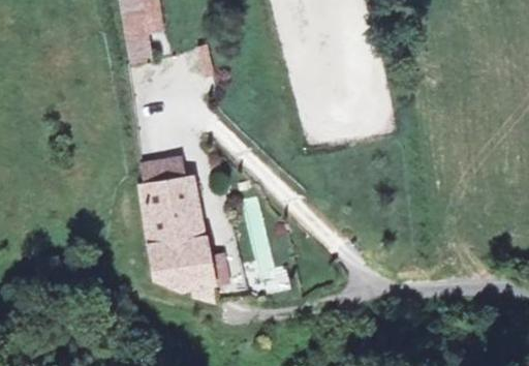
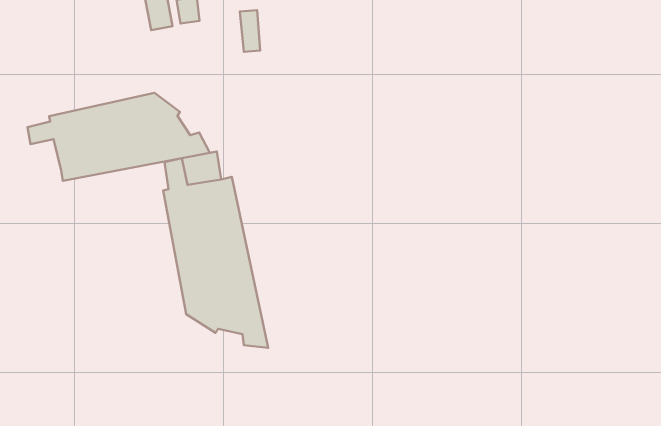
building: none -> [28,93,210,181]

